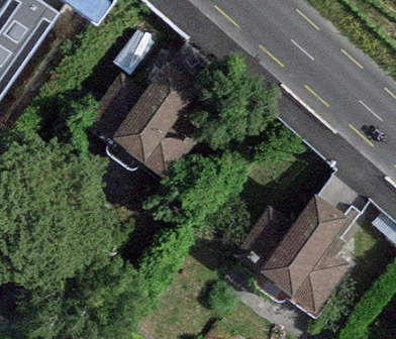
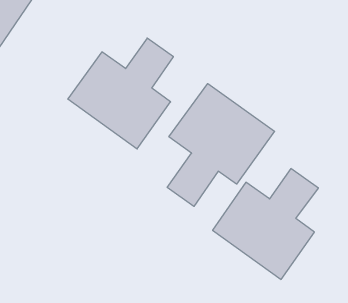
building: none -> [167,84,275,206]

